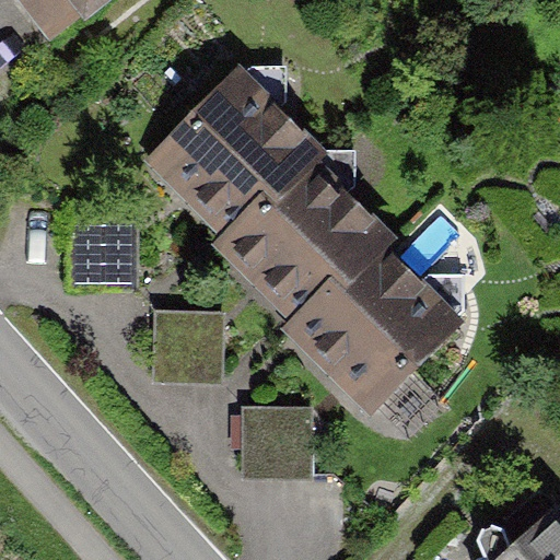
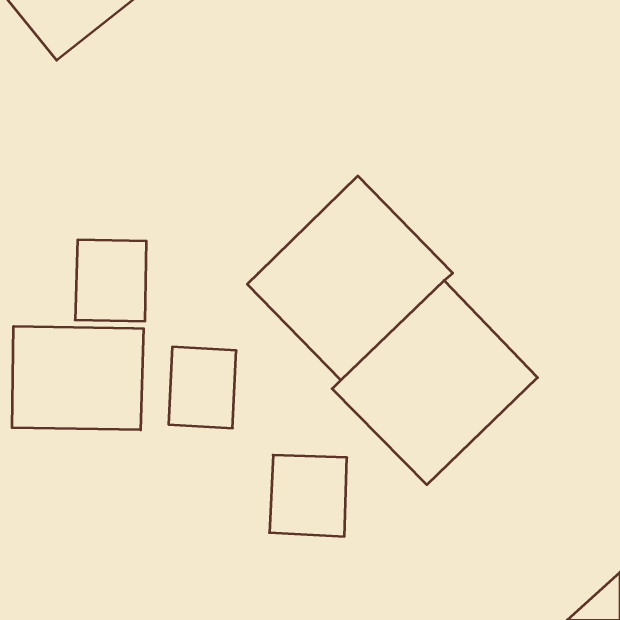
building: [147,61,328,243] -> none
building: none -> [12,326,144,430]

